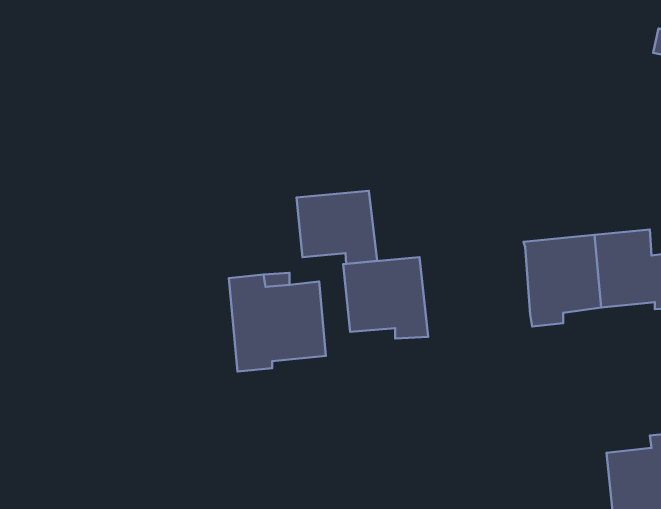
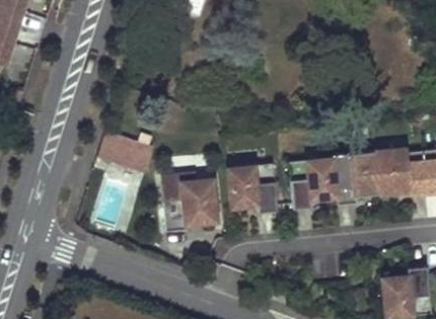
building: [296,191,377,264] -> none
building: none -> [100,134,149,170]
building: none -> [288,158,337,209]

